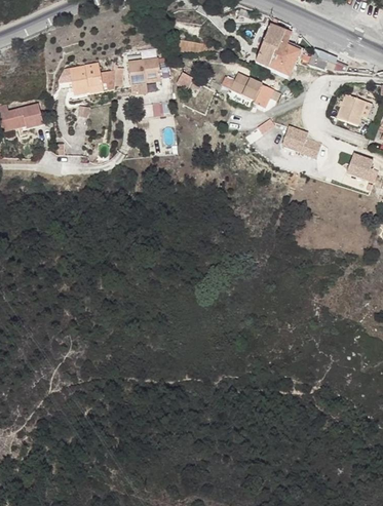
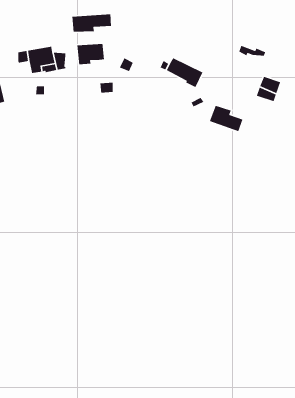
building: none -> [71,14,112,33]
building: [255,24,300,77] -> none
building: [346,154,377,183] -> none

